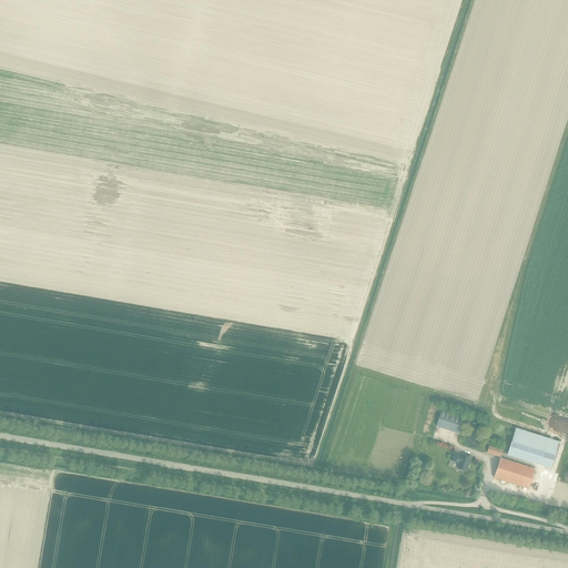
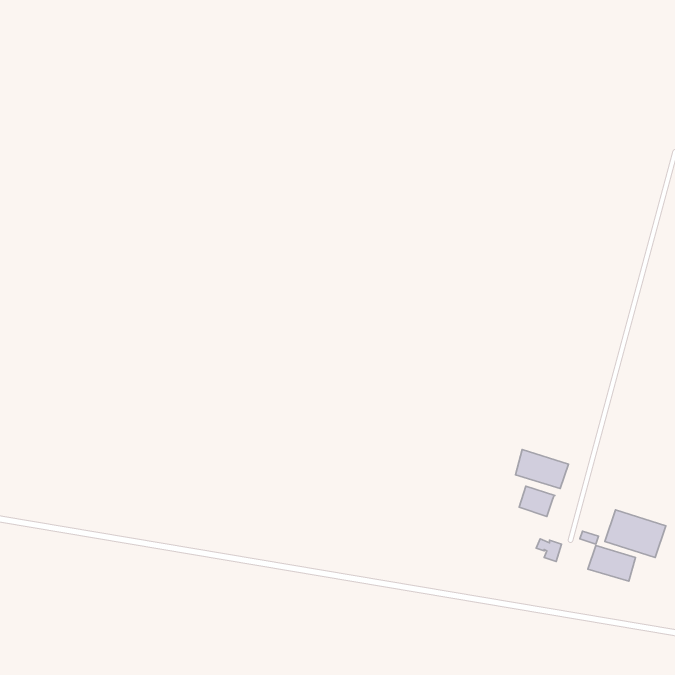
building: none -> [515,450,568,489]

